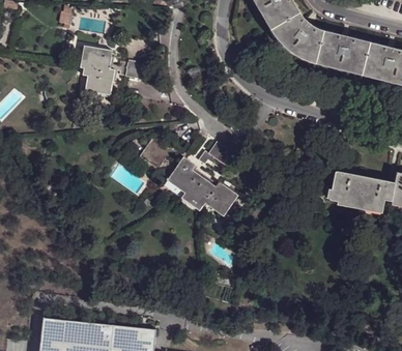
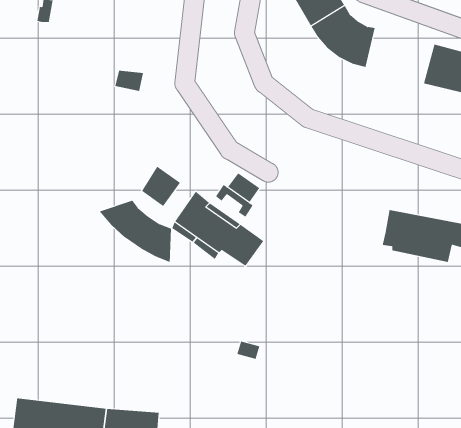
building: [317,29,370,72] -> none
building: [80,46,114,95] -> none
building: none -> [99,200,172,263]

